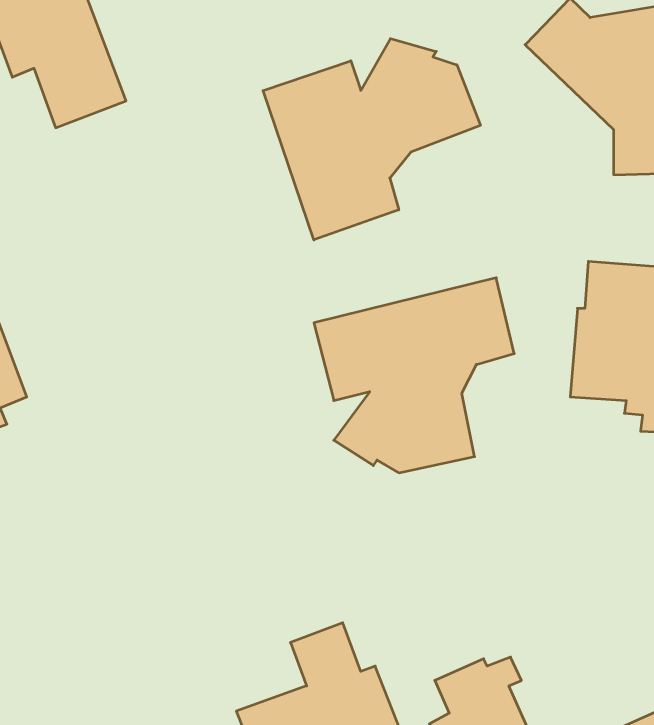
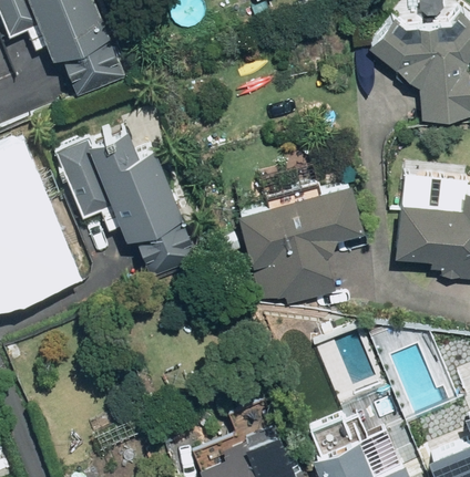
building: [263,39,480,240] -> none
building: none -> [57,129,197,274]

